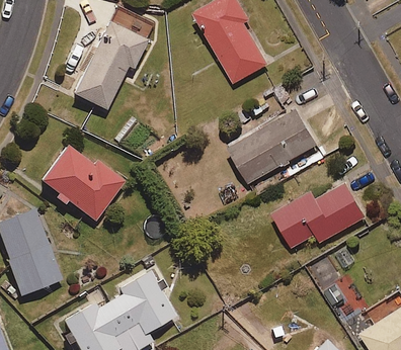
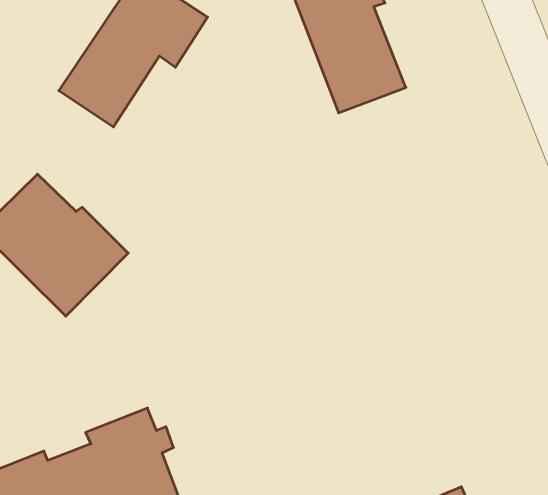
building: [229,105,320,181] -> none
building: [272,177,369,246] -> none

